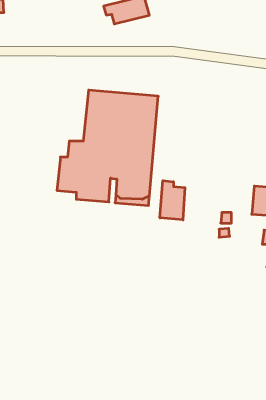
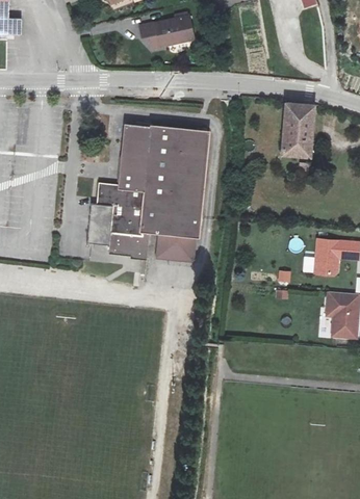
building: none -> [282,102,315,155]
building: [160,181,185,220] -> none

